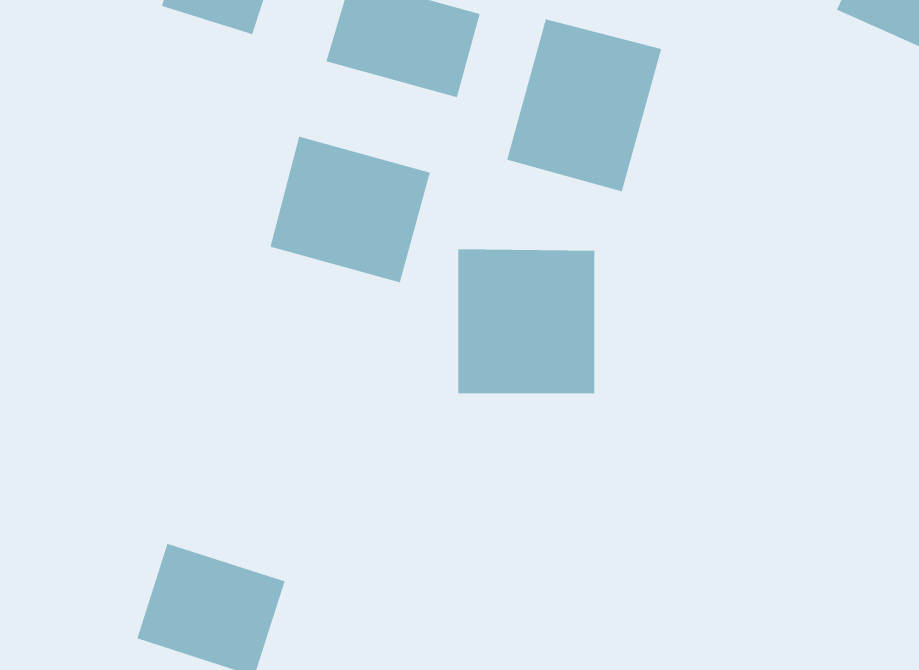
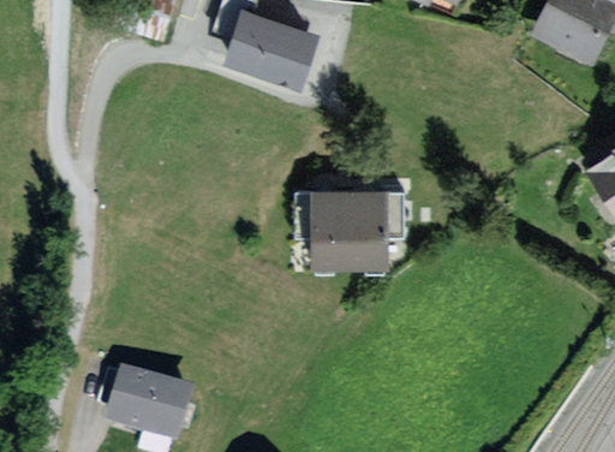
building: [507,19,662,192] -> none
building: [270,136,431,283] -> none

